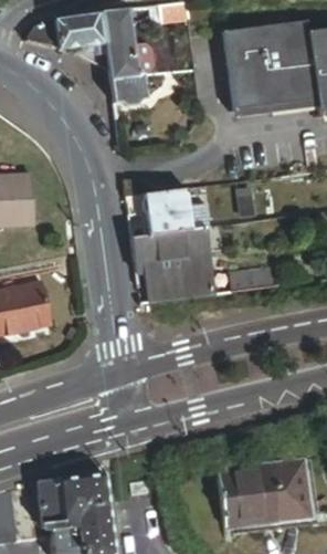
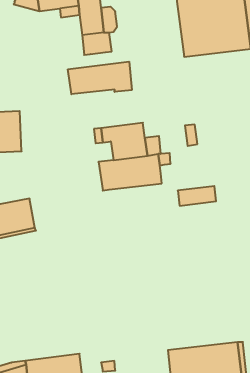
building: none -> [68,62,132,94]
building: [143,264,212,302] -> none

